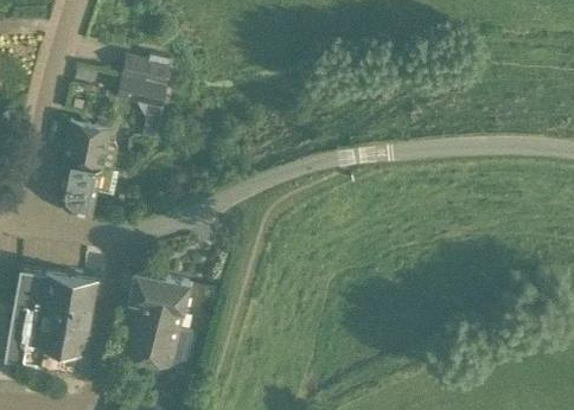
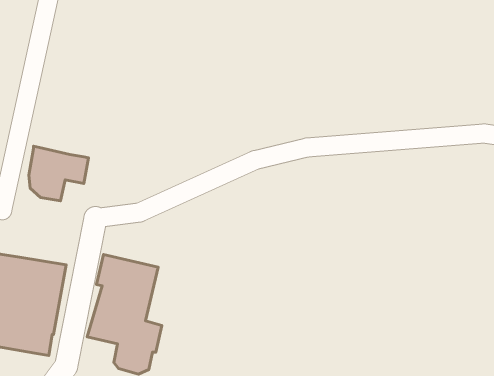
building: [116,52,173,114] -> none
building: [62,118,119,168] -> none

